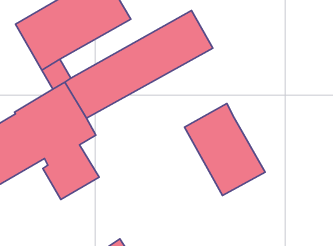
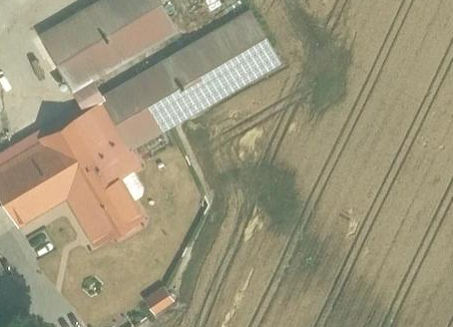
building: [185,103,265,196] -> none

